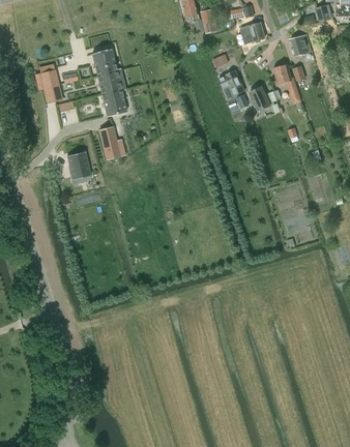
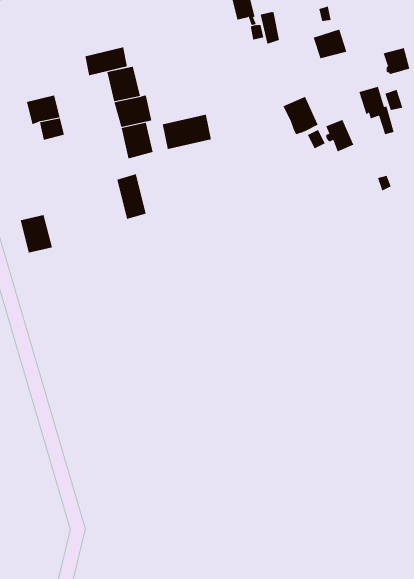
building: none -> [85,47,128,76]
building: none -> [162,114,211,150]
building: [66,151,90,179] -> [20,214,53,253]

